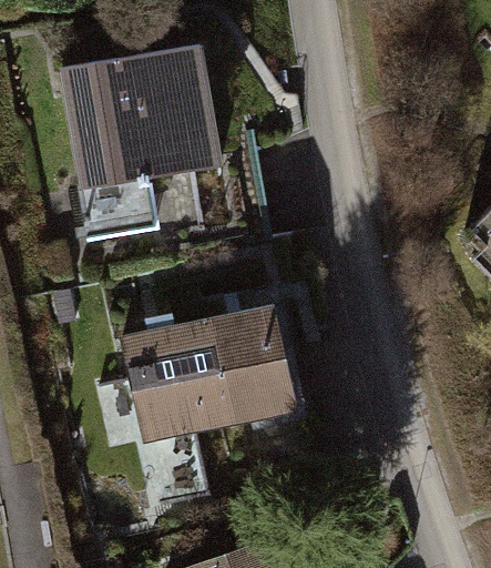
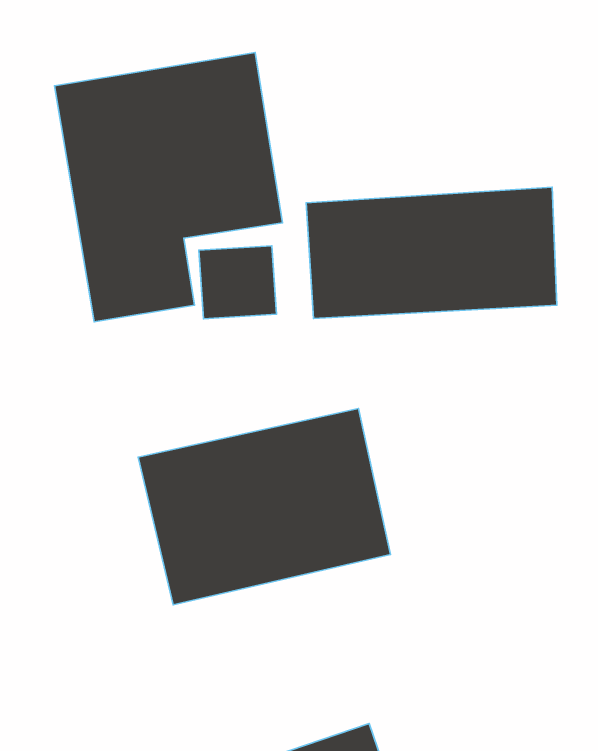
building: none -> [306,187,557,319]

